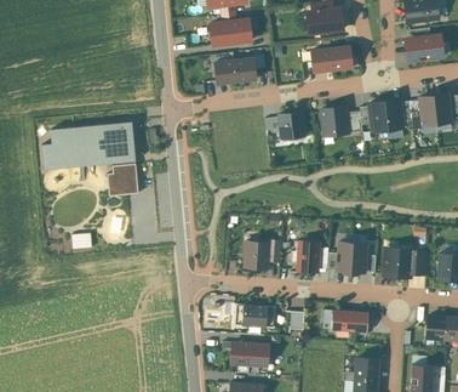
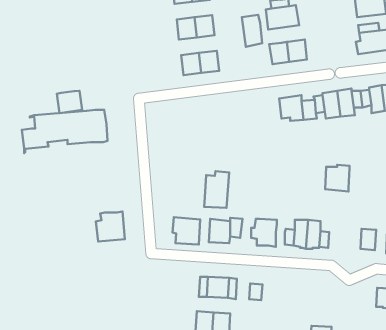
building: none -> [242,15,262,47]
building: none -> [57,91,82,113]
building: [277,110,304,137] -> none
building: [107,163,138,195] -> [96,211,125,241]
building: none -> [204,171,229,208]
building: none -> [172,217,200,245]
building: [384,248,411,277] -> [325,165,350,191]
building: [331,309,368,334] -> none

